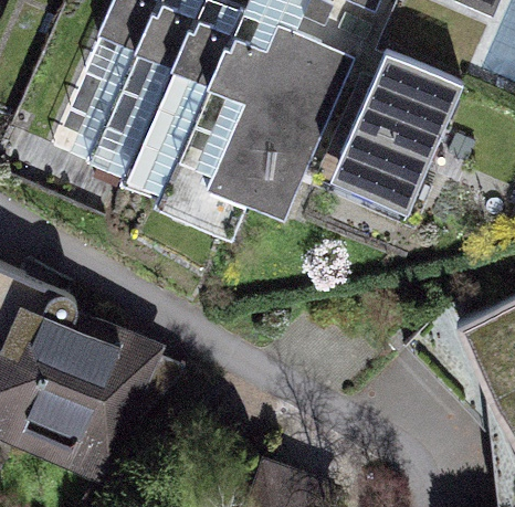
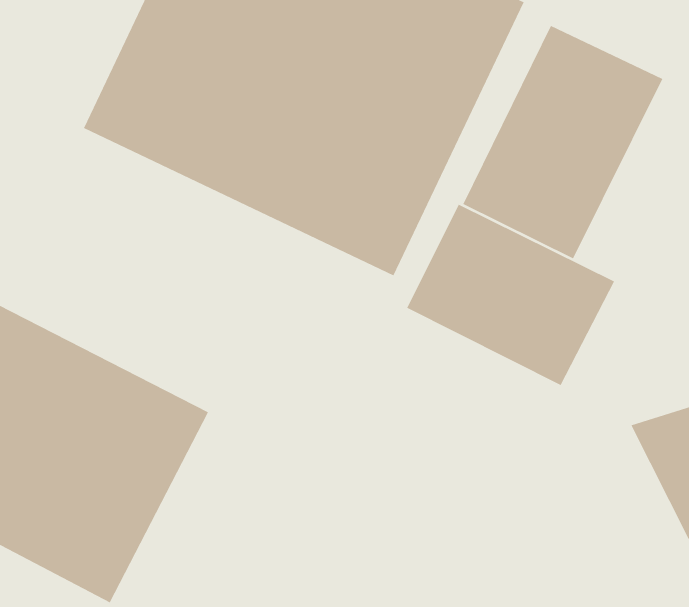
building: none -> [407,204,615,386]

